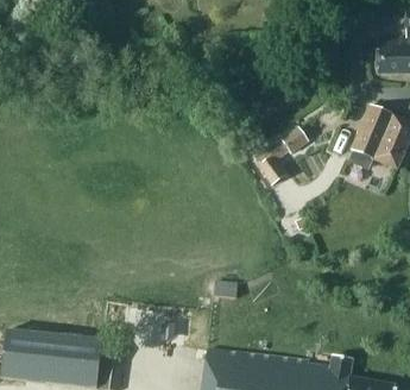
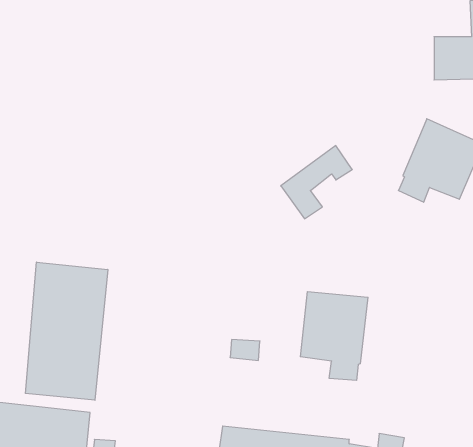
building: none -> [25,262,108,400]
building: none -> [300,292,368,380]

